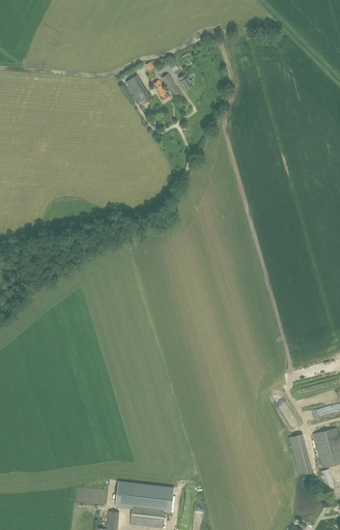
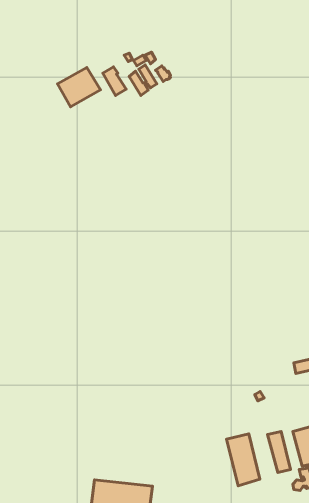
building: none -> [58,67,100,107]
building: none -> [226,434,260,486]

